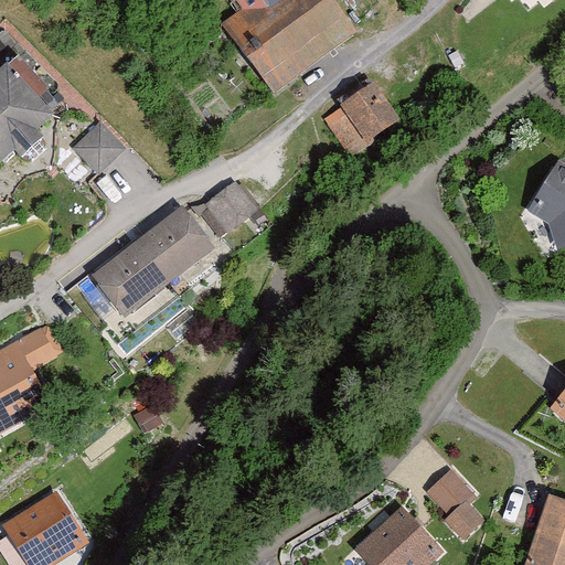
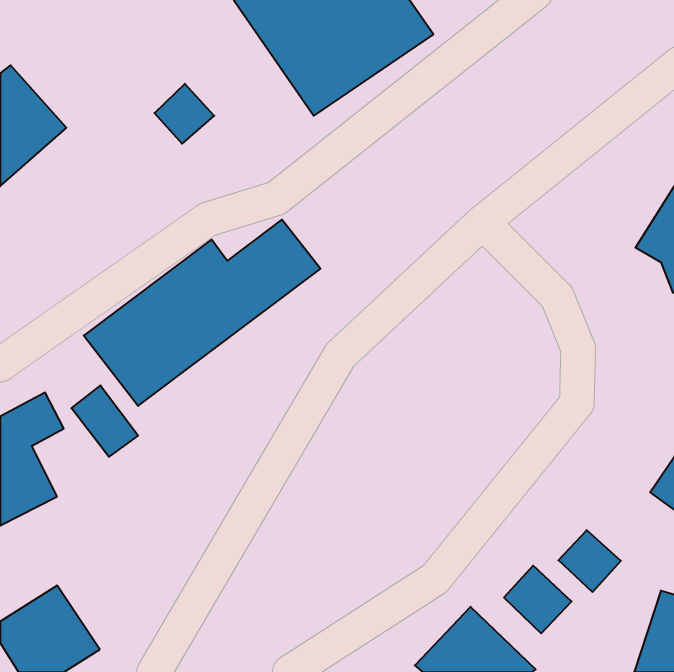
building: [320,85,401,161] -> none
building: [79,116,129,166] -> [154,84,214,144]
building: none -> [71,385,138,457]
building: none -> [558,530,621,592]

